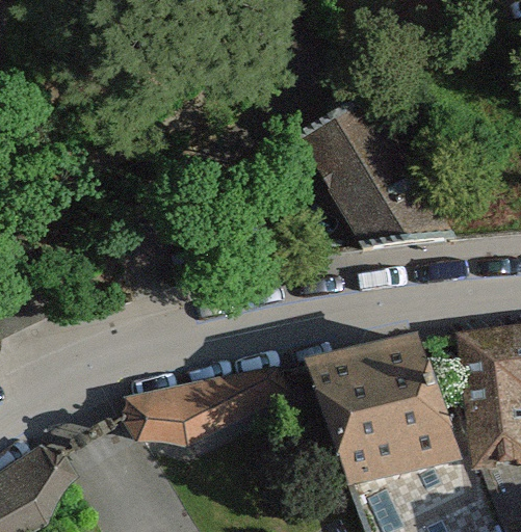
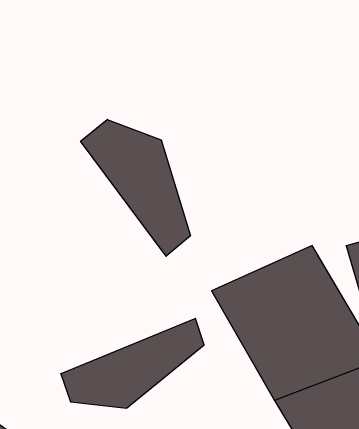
building: [291,82,447,236] -> none
building: none -> [81,119,191,256]

